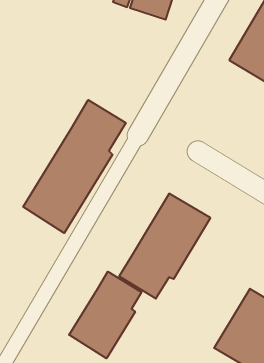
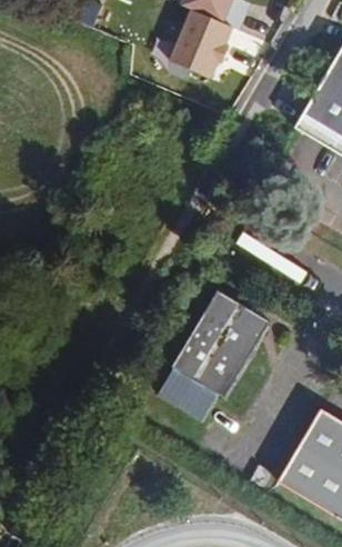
building: [23,100,126,233] -> none
building: [69,272,141,358] -> none

